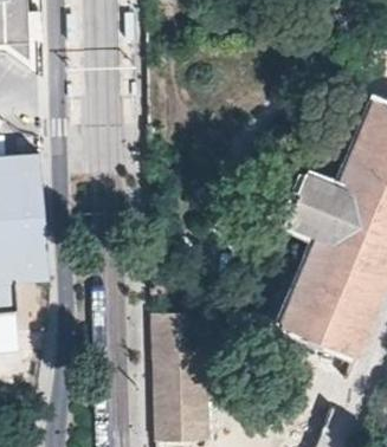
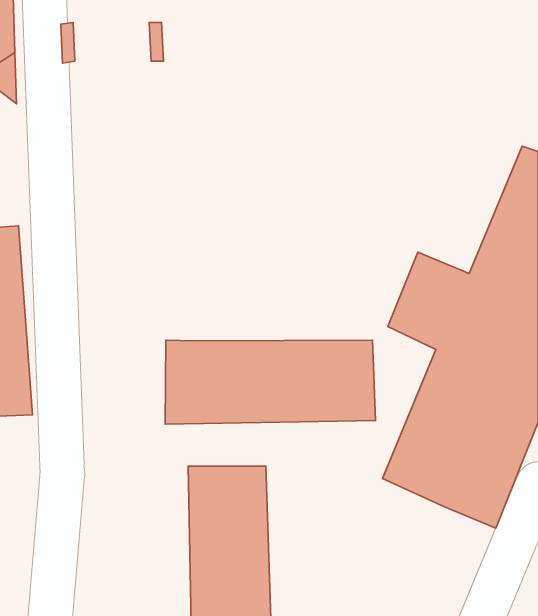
building: none -> [165,340,375,424]

